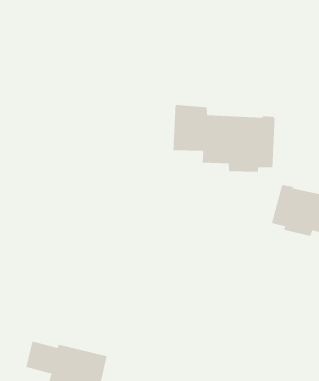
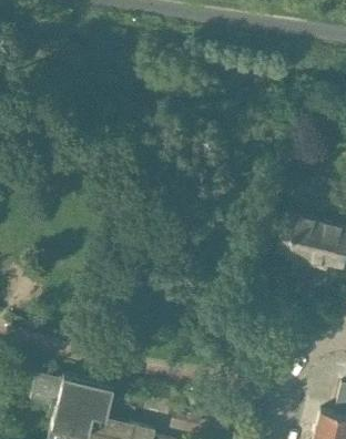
building: [173,104,275,172] -> none

